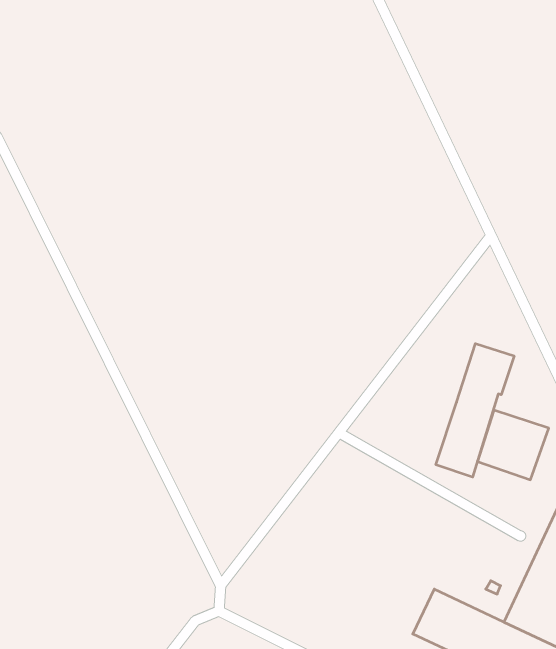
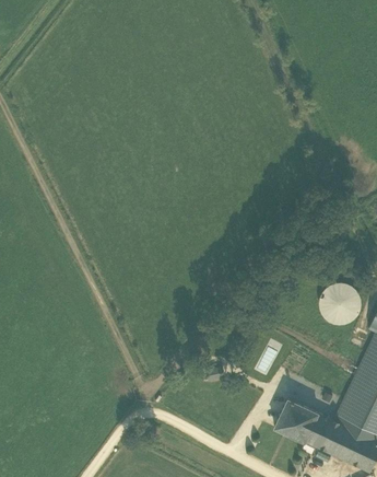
building: [436,344,514,477] -> none

